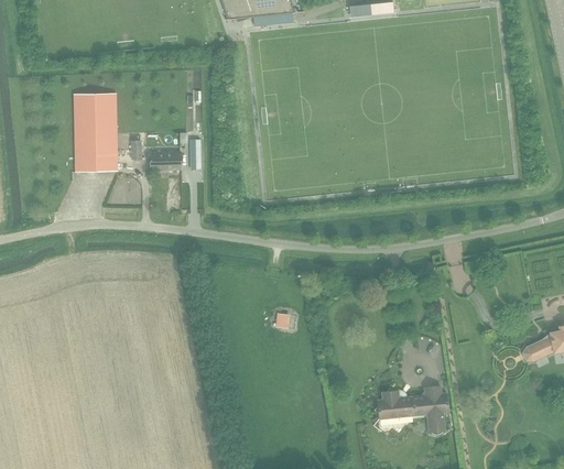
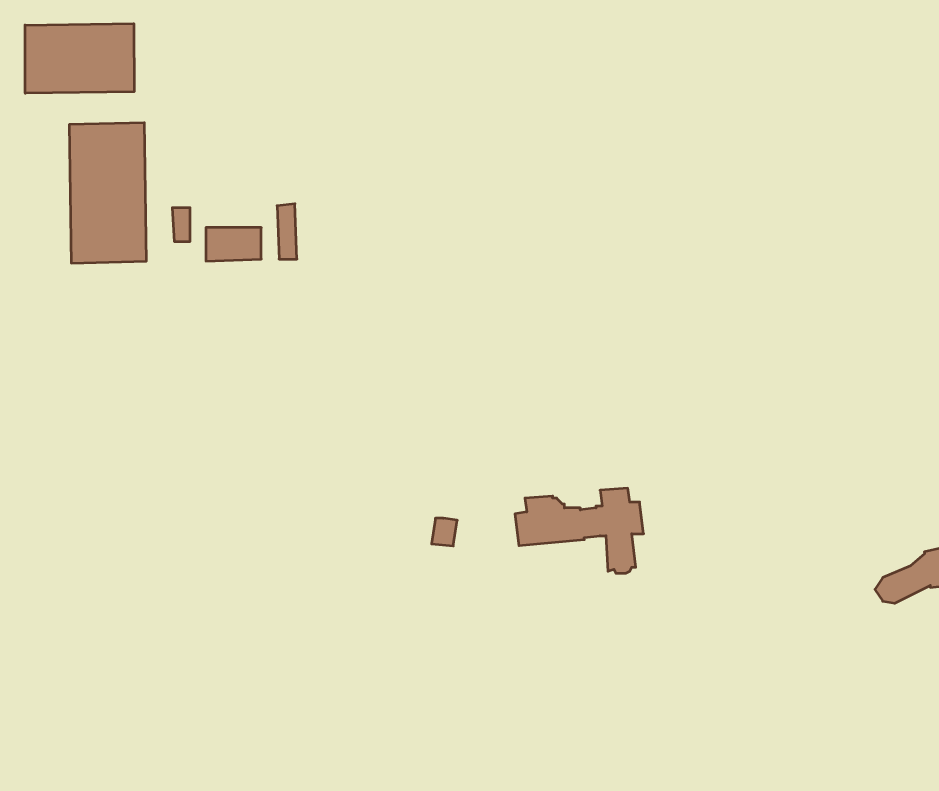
building: none -> [25,24,134,93]
building: [377,385,448,433] -> [515,488,644,573]

